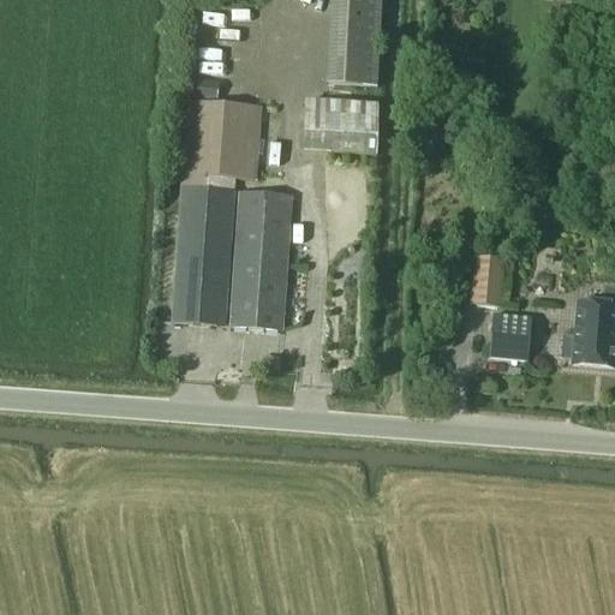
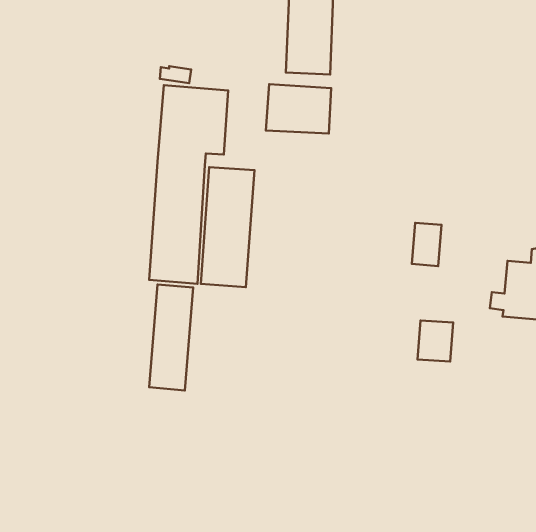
building: [490,311,531,358] -> [417,320,453,361]
building: none -> [149,284,193,390]

